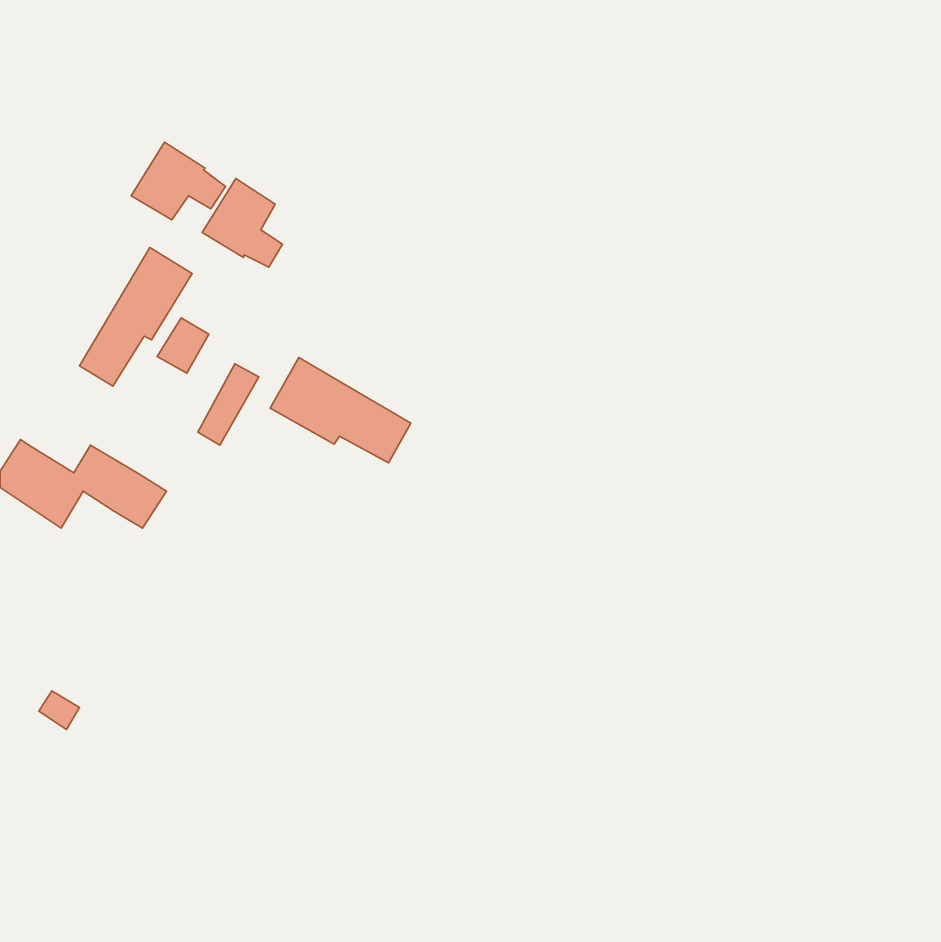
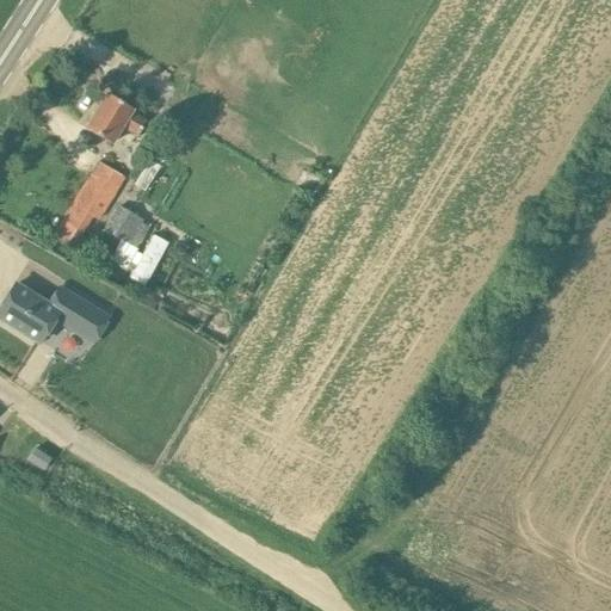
building: [202,178,282,267] -> none
building: [270,358,411,463] -> none

